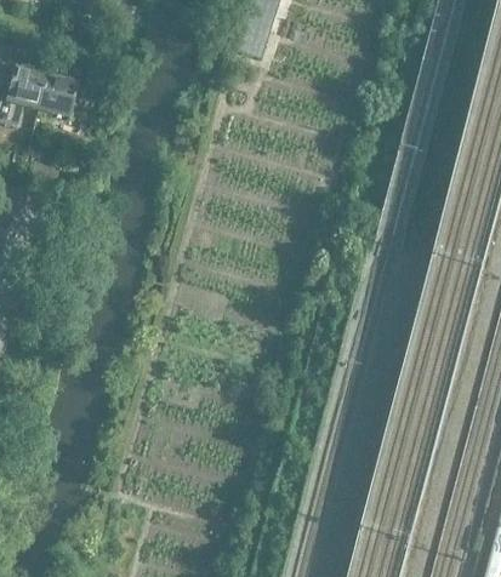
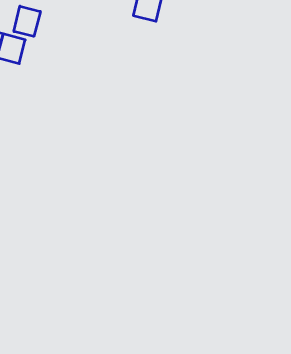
building: none -> [14,6,40,36]

